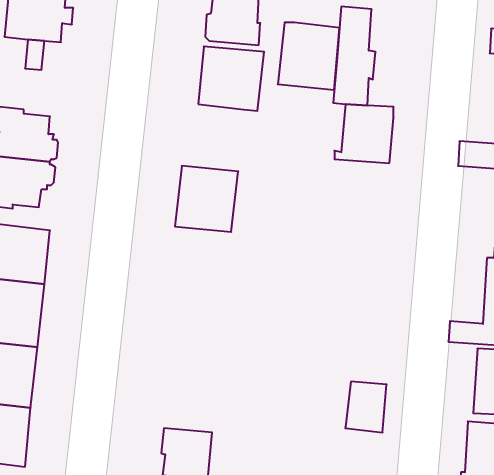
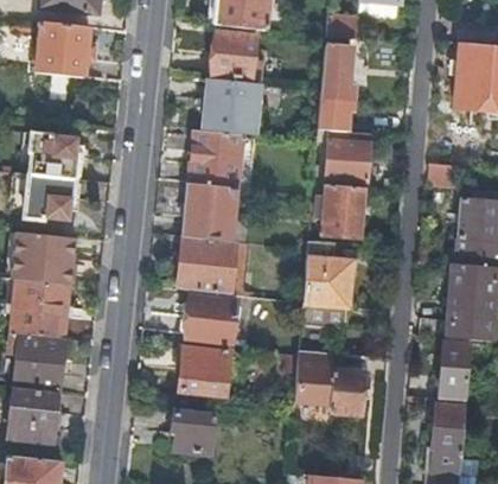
building: [278,22,340,90] -> [189,129,242,187]
building: none -> [321,183,364,236]
building: none -> [177,235,236,293]
building: none -> [302,240,351,329]
building: none -> [185,294,236,342]
building: none -> [179,345,229,393]
building: none -> [295,349,336,408]

